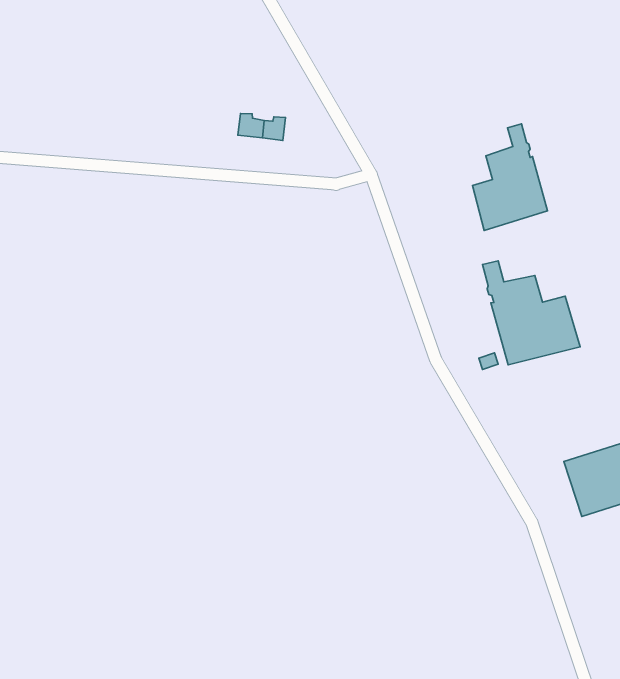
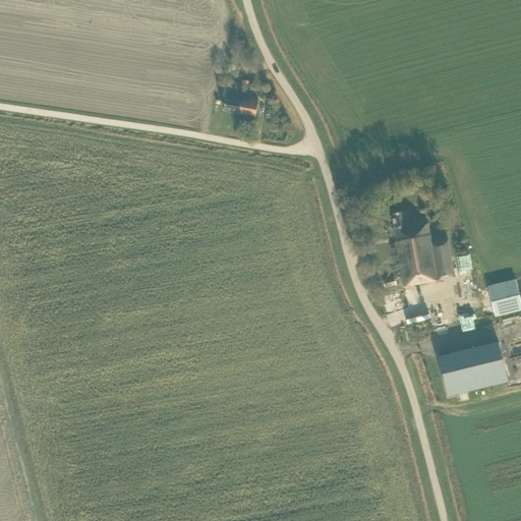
building: [472,124,548,230] -> none

